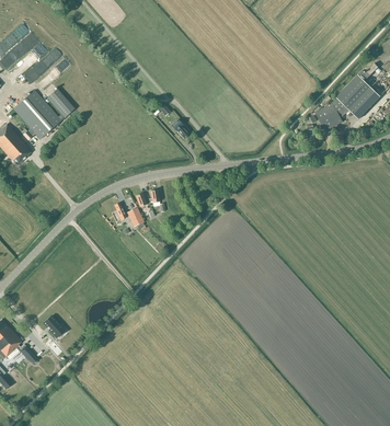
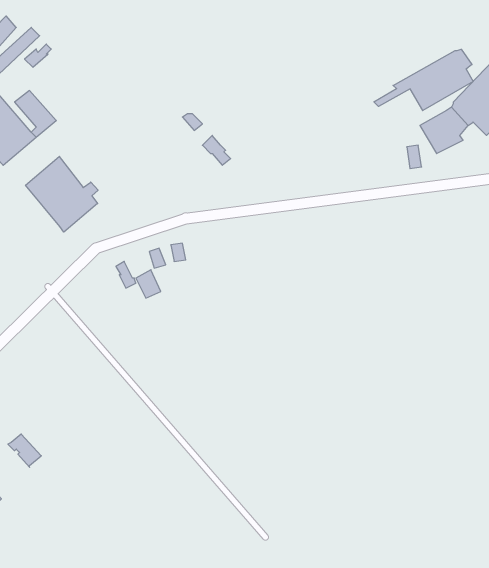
building: none -> [374,49,473,111]
building: none -> [26,156,98,232]

